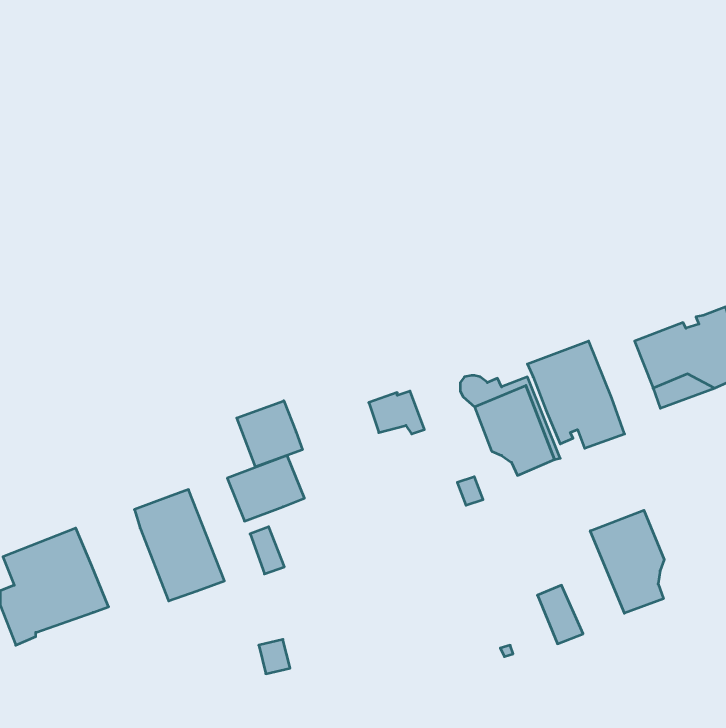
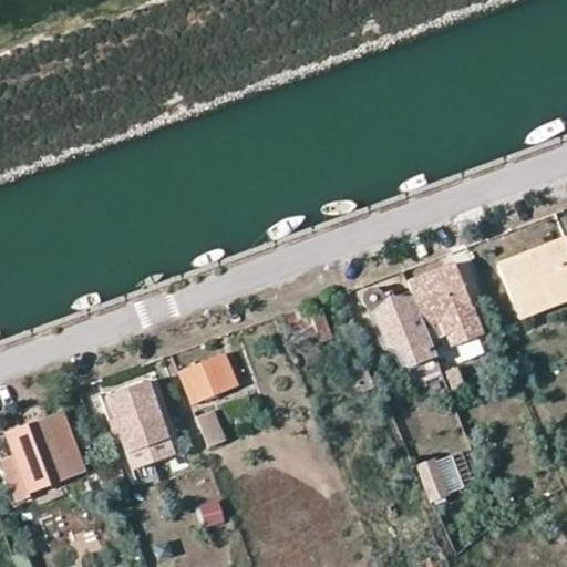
building: [237,401,302,467] -> none
building: [590,510,664,613] -> none

